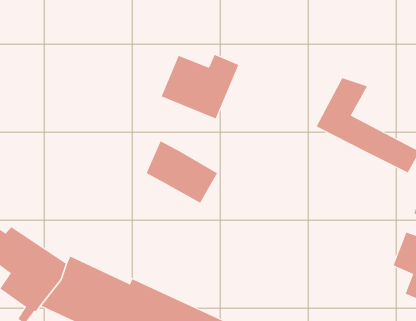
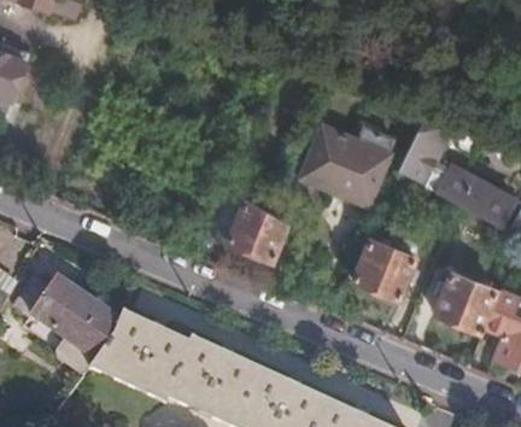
building: [161,54,239,119] -> [303,127,390,199]
building: none -> [355,240,414,297]
building: none -> [434,273,491,328]

